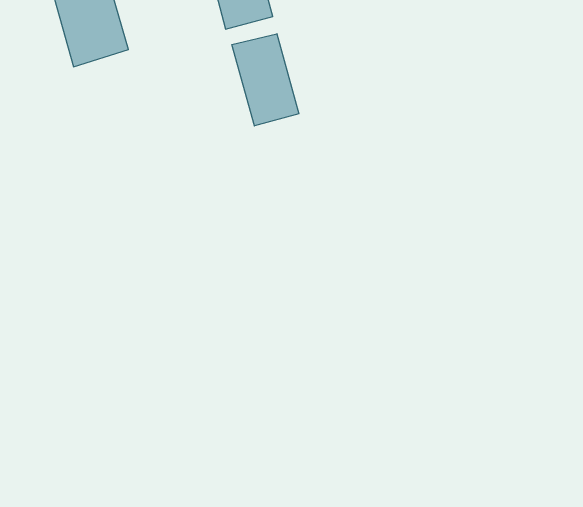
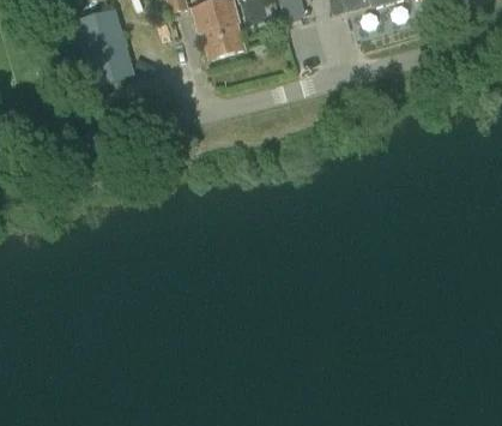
building: [232,34,299,126] -> none

